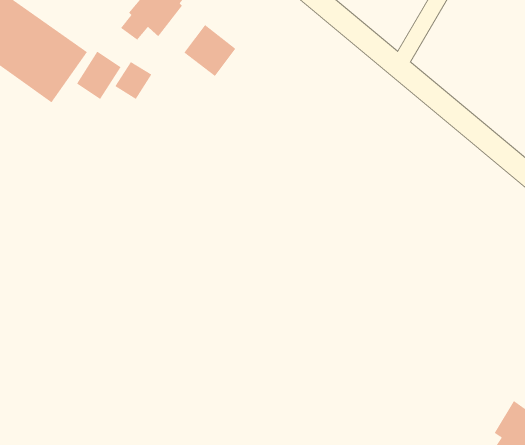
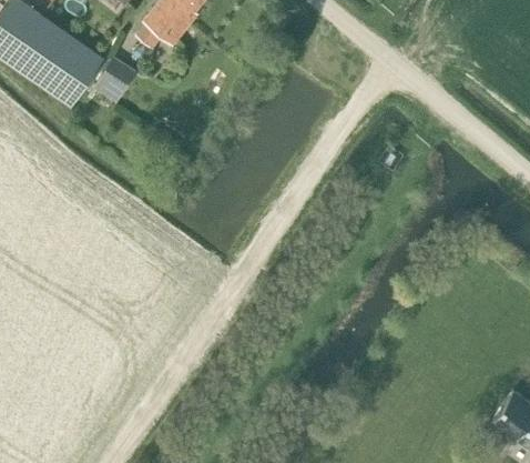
building: [184,24,236,77] -> none
building: [115,61,152,100] -> none

